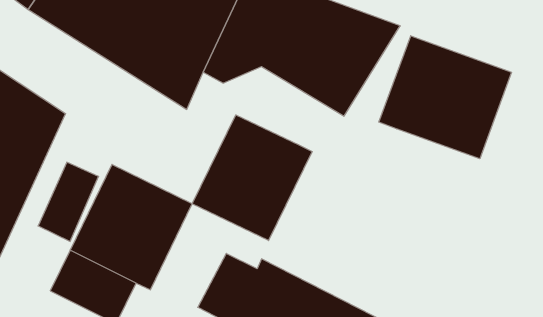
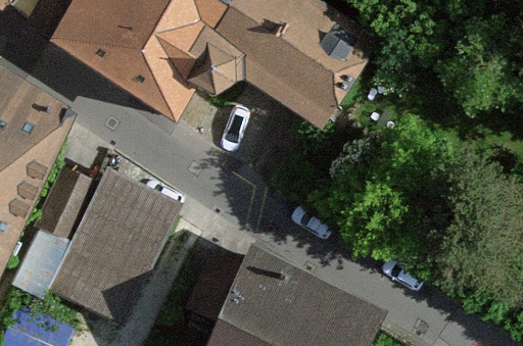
building: [379,36,512,159] -> none
building: [192,115,312,241] -> none

